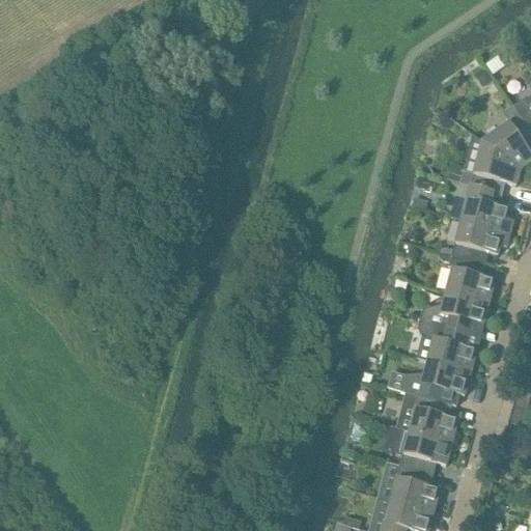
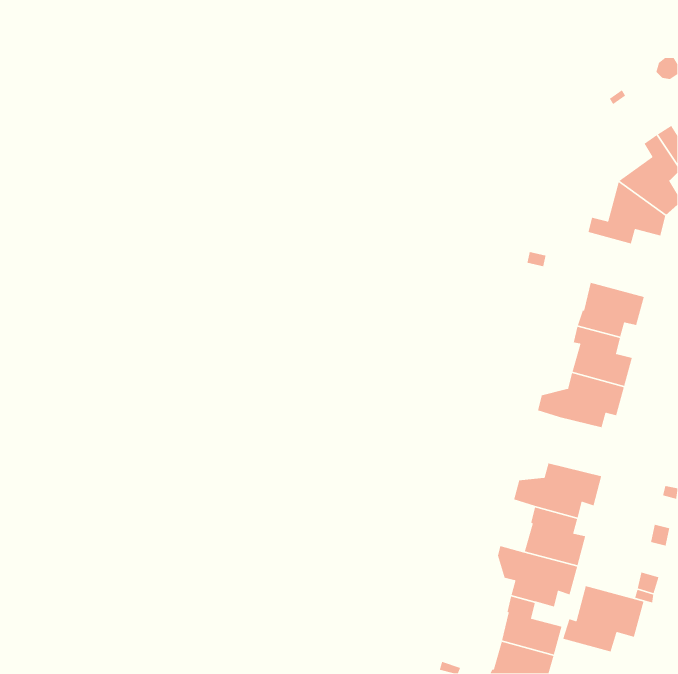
building: [455,181,509,231] -> none
building: [415,320,476,371] -> none
building: none -> [562,585,645,653]

